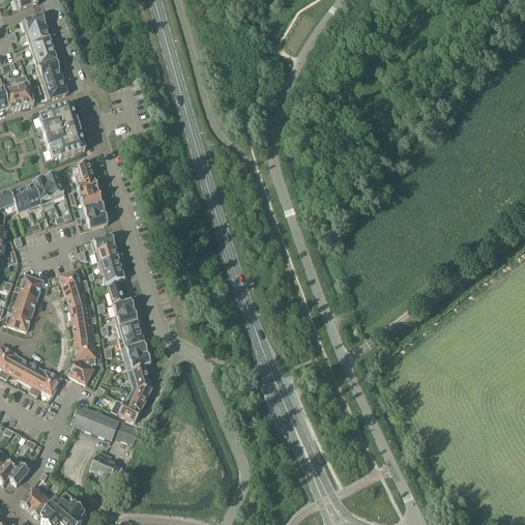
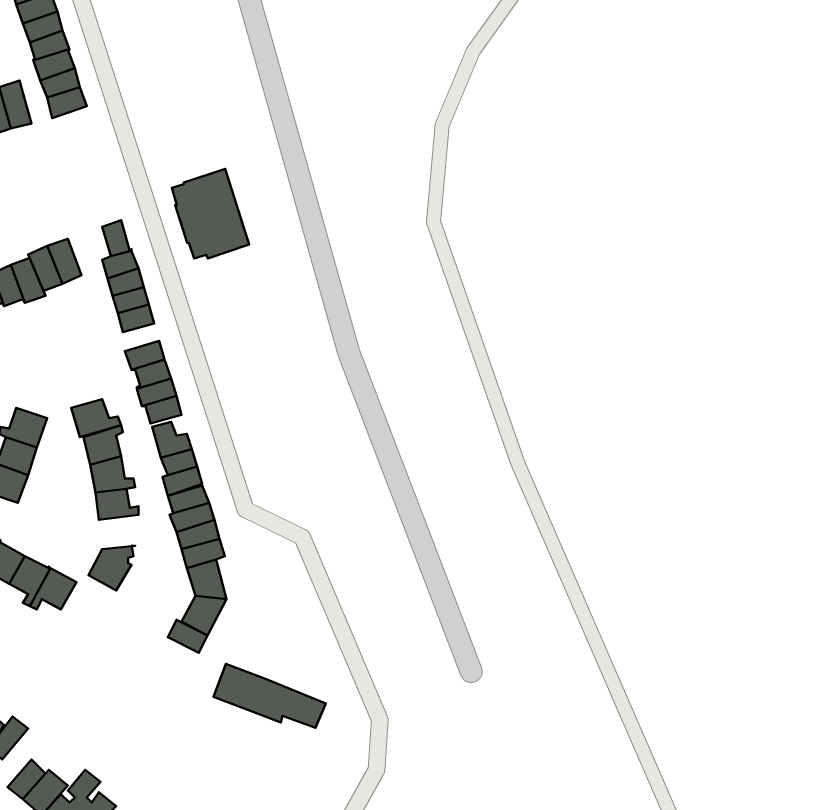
building: [38,104,85,157] -> [172,169,249,258]
building: [74,338,99,358] -> none
building: [71,404,139,442] -> [214,664,326,728]
building: [90,449,116,477] -> none

